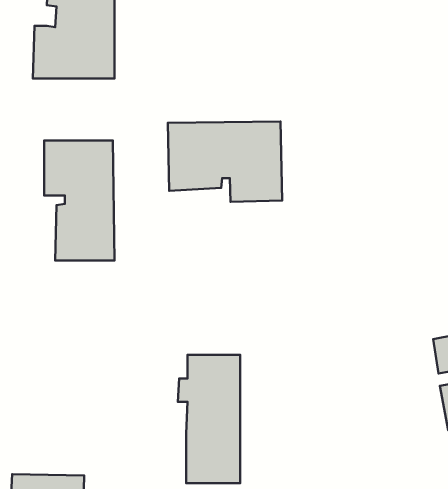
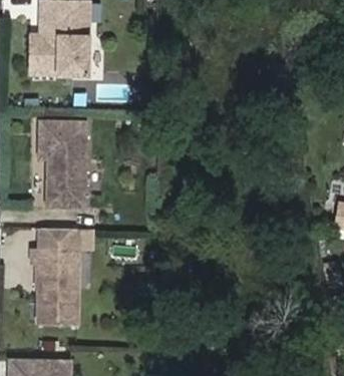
building: [168,121,282,202] -> none
building: [178,355,240,483] -> [33,230,78,323]

